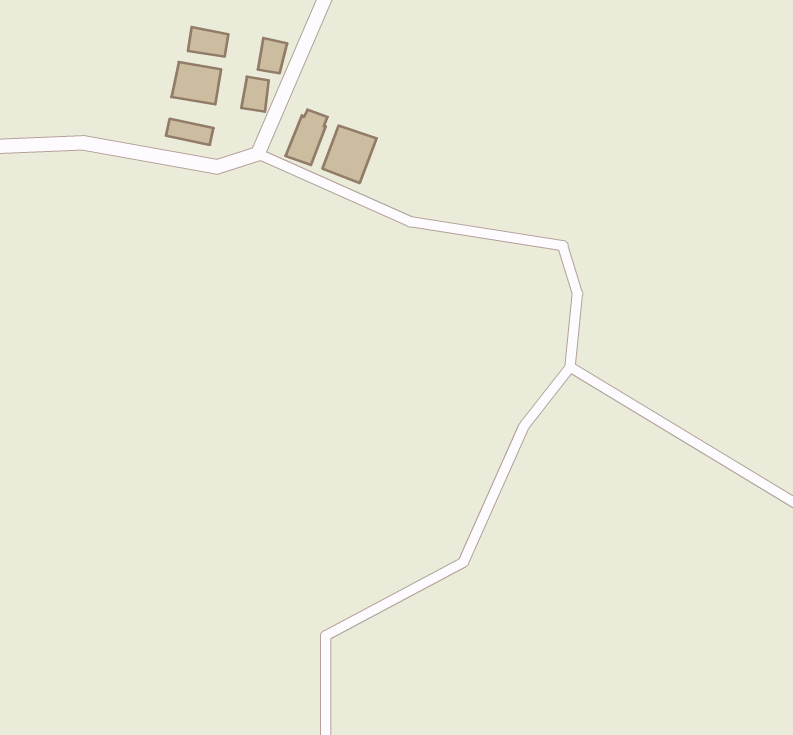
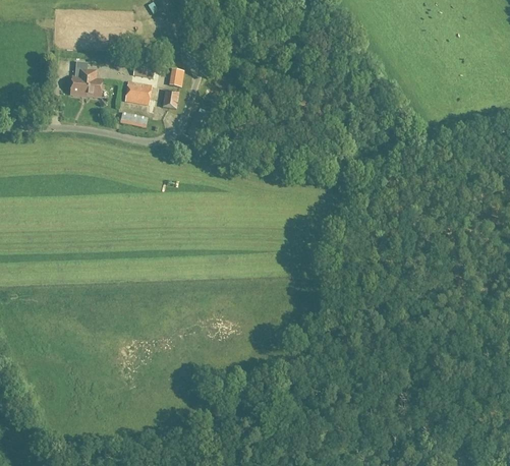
building: none -> [70,69,101,97]
building: [323,126,377,183] -> none

